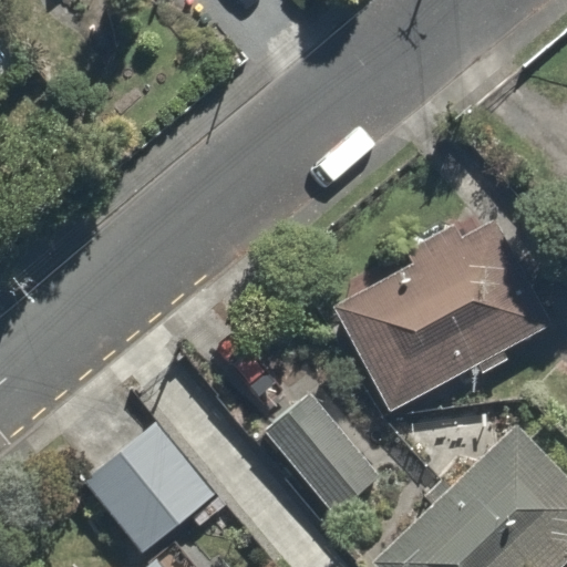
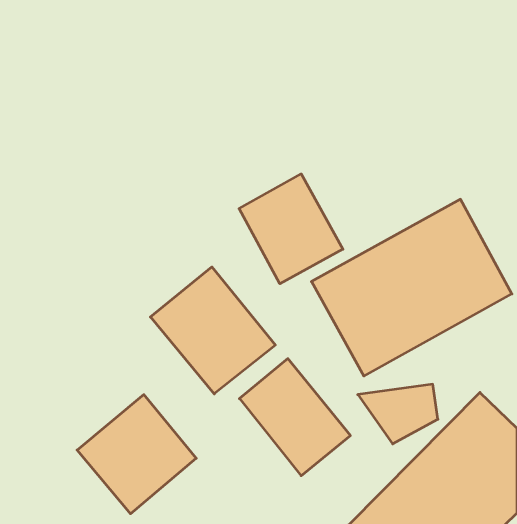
building: none -> [239,174,343,284]
building: none -> [150,267,275,394]

